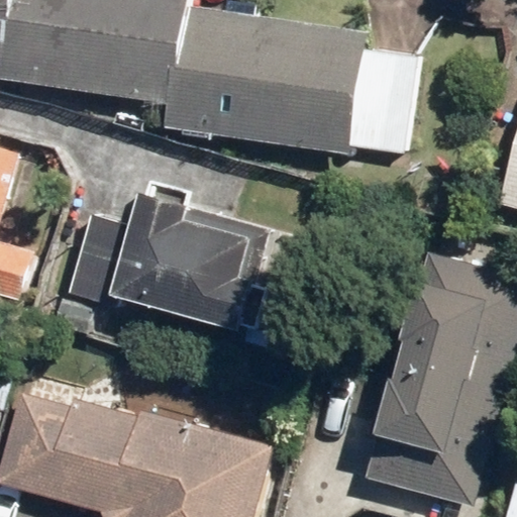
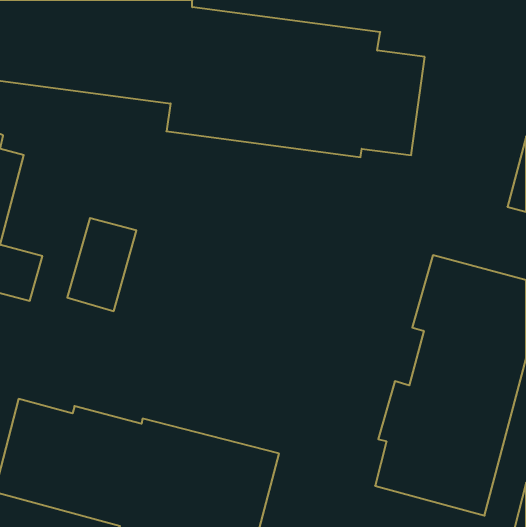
building: [121,190,265,331] -> none

